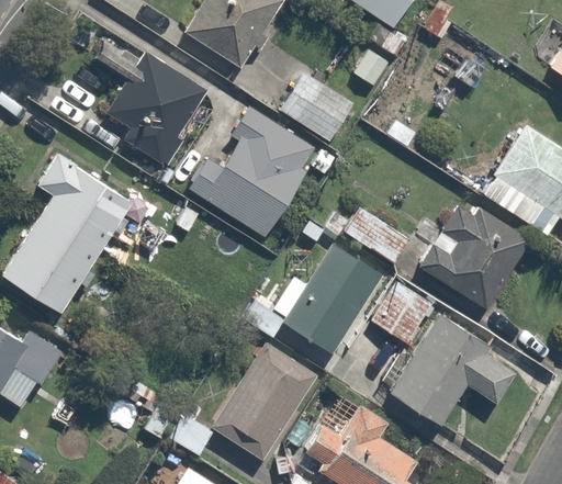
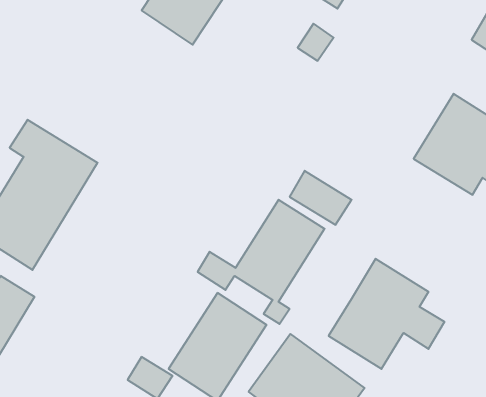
building: [93,32,210,167] -> none
building: [280,77,349,143] -> none
building: [187,103,315,238] -> none
building: [416,195,532,312] -> none
building: [371,281,438,349] -> none

